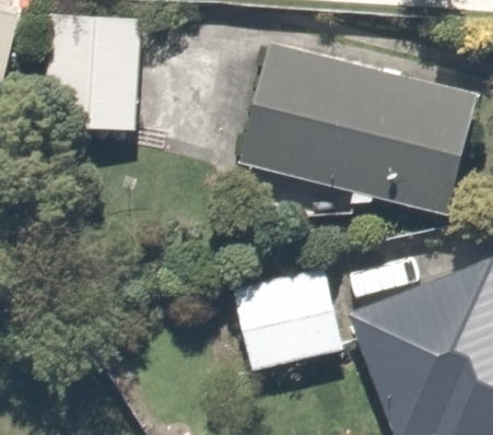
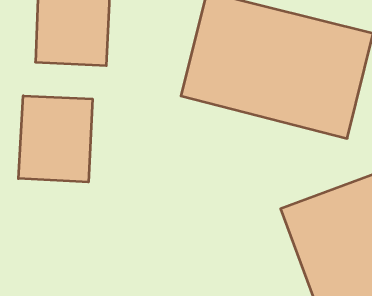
building: none -> [18,96,92,182]
building: [231,262,350,373] -> none

